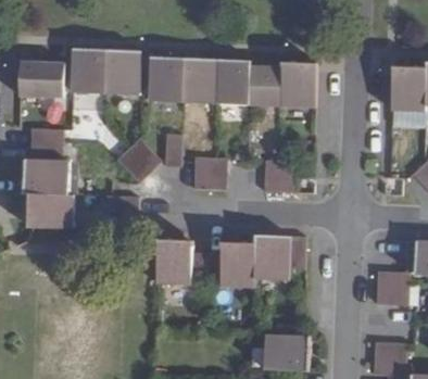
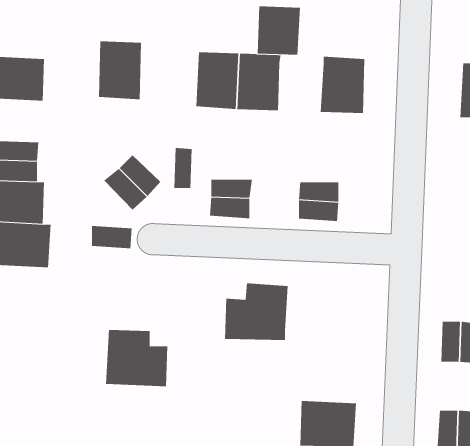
building: [72,48,106,93] -> none
building: [147,55,185,101] -> none
building: [249,66,284,105] -> [257,6,301,55]
building: [254,236,305,280] -> none
building: [156,240,206,286] -> [105,329,168,387]

